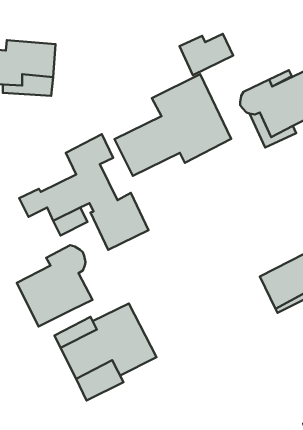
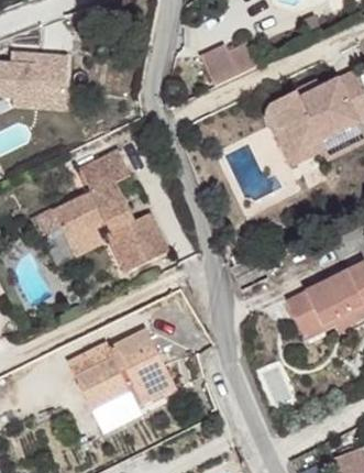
building: [114,74,231,176] -> none
building: [17,245,93,326] -> none

